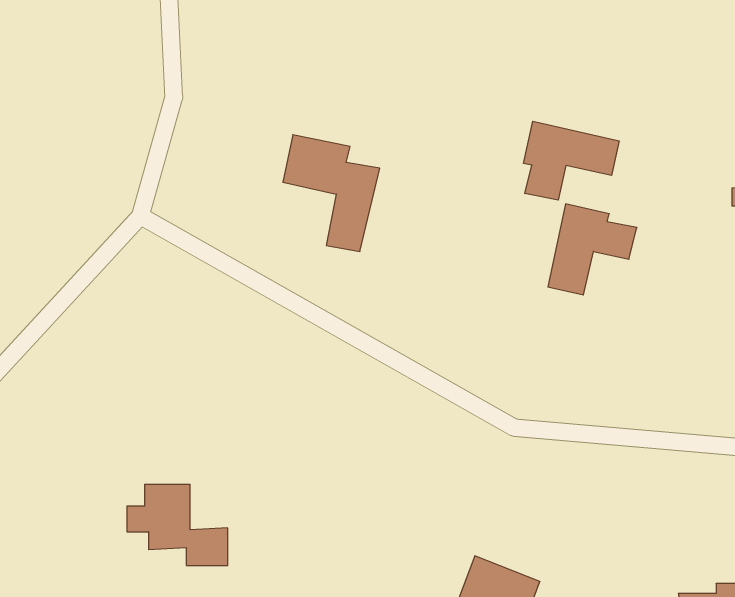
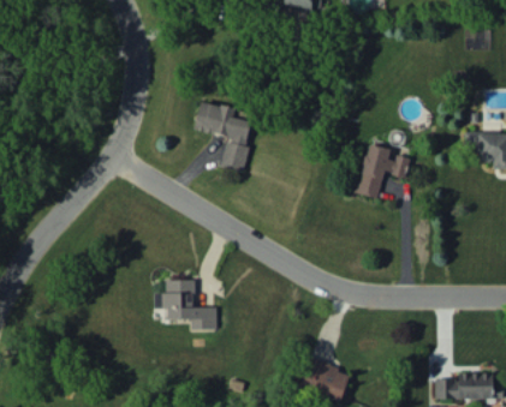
building: [524,121,619,200] -> none
building: [127,484,228,565] -> [155,280,216,329]

